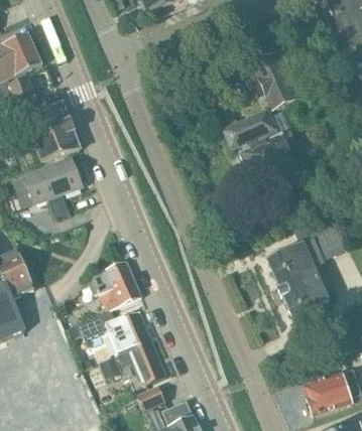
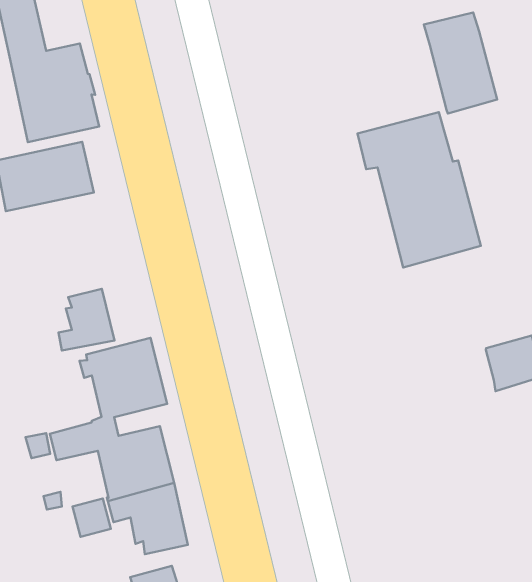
building: none -> [58,289,115,350]
building: [267,242,329,327] -> none

